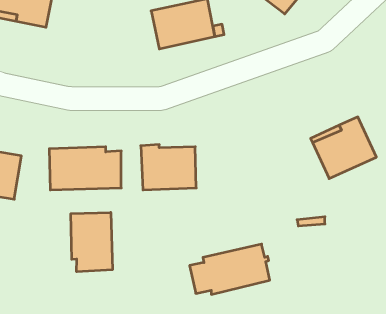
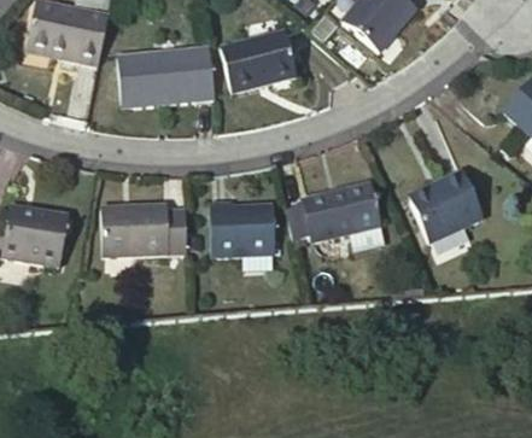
building: none -> [117,46,214,105]
building: [71,212,112,272] -> none
building: [190,244,270,294] -> [285,182,379,241]

